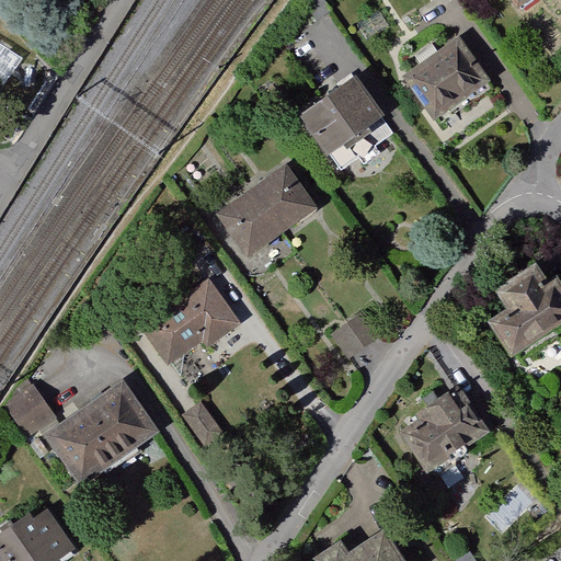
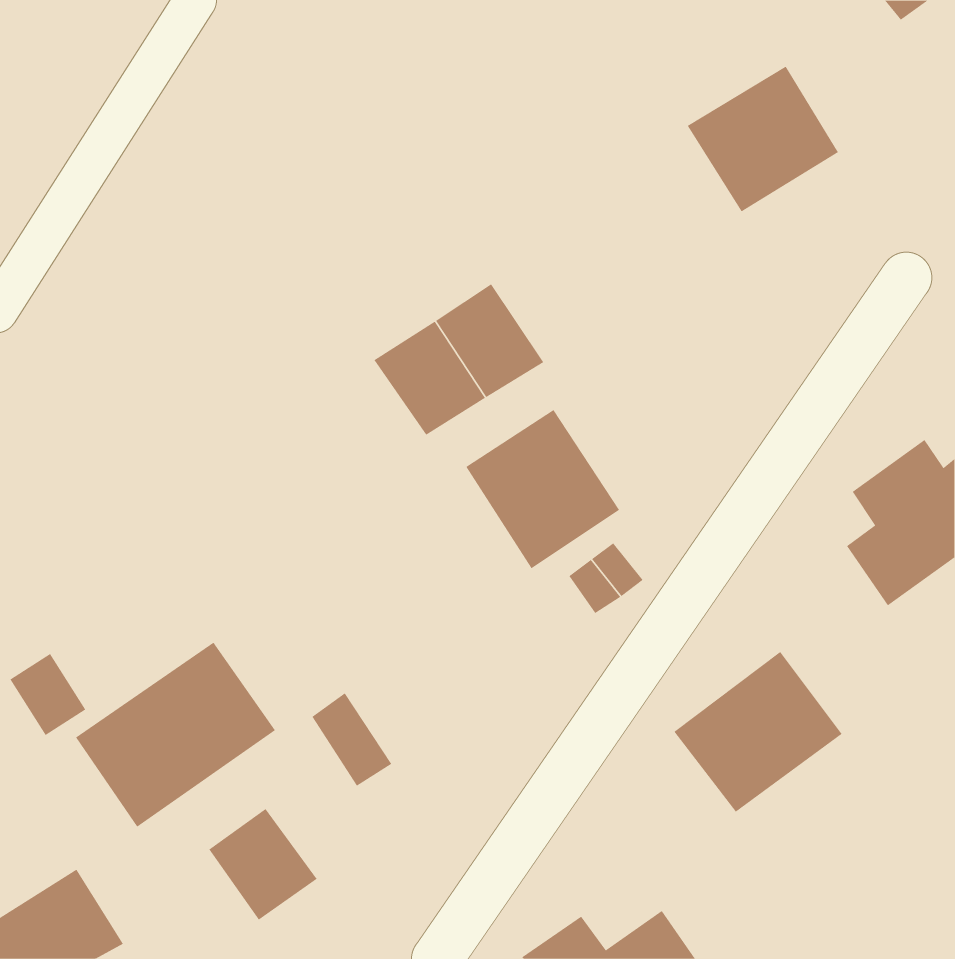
building: [304,79,391,171] -> none
building: none -> [466,409,620,569]
building: [140,284,236,370] -> none
building: none -> [209,808,318,920]

